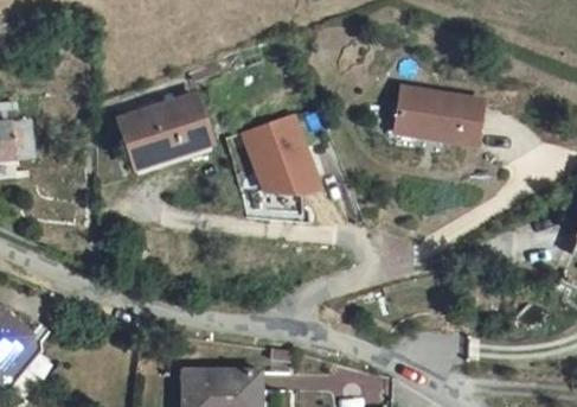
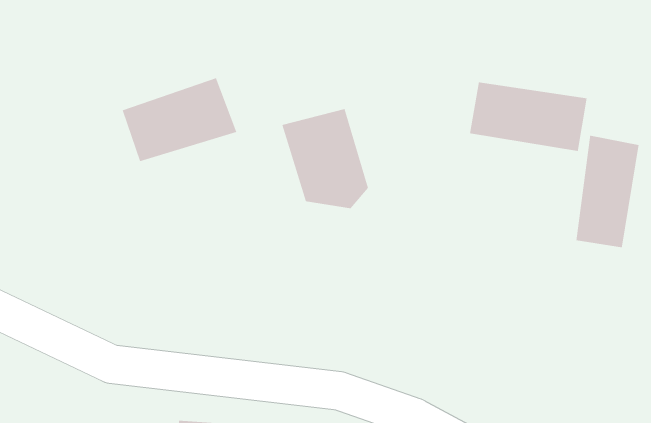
building: none -> [576,135,639,248]

